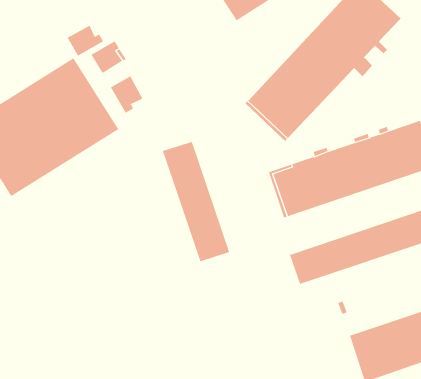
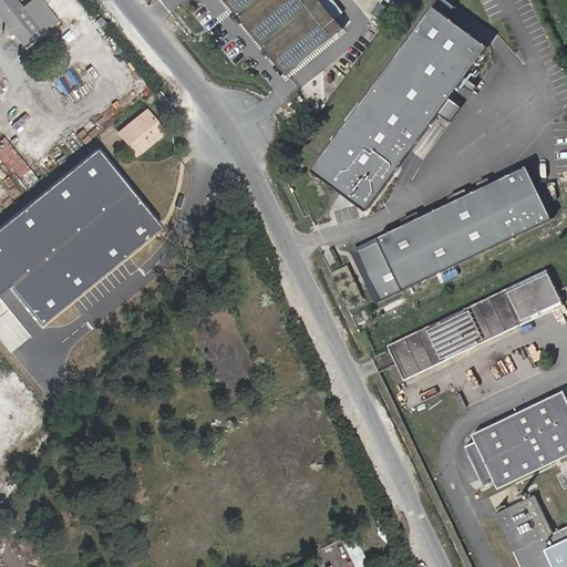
building: [67,25,104,57] -> none
building: [110,76,143,114] -> none
building: [162,141,230,262] -> none

